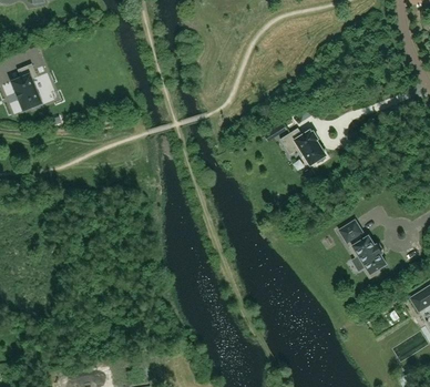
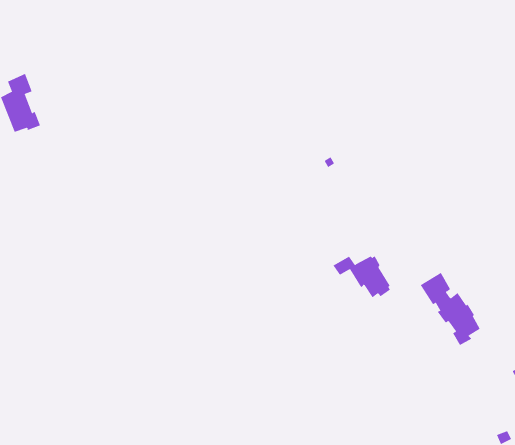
building: [279,131,325,164] -> [333,256,391,298]

